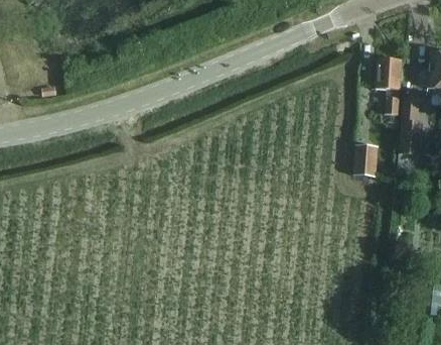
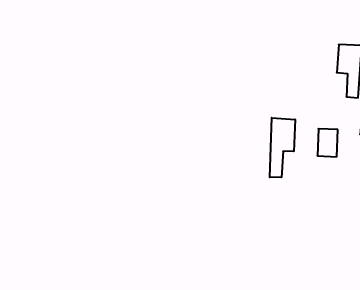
building: none -> [270,118,295,177]

